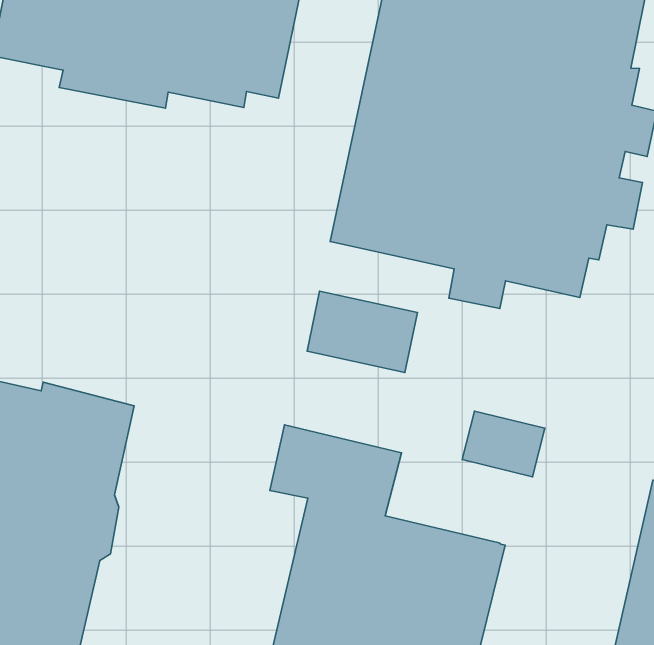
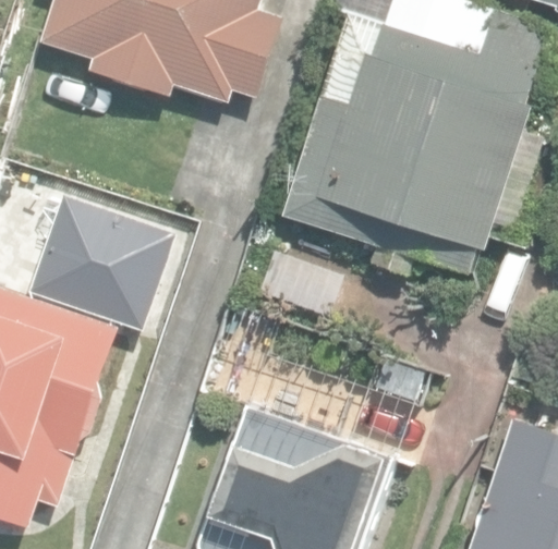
building: none -> [32,191,178,330]

